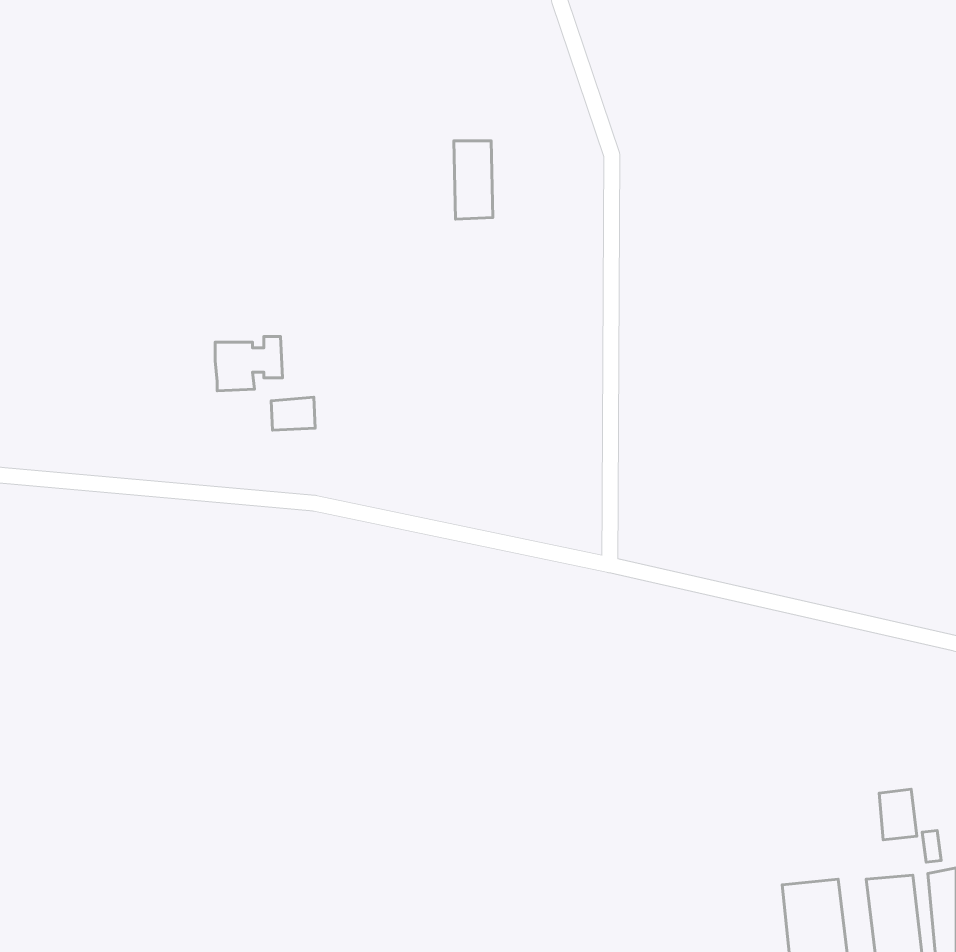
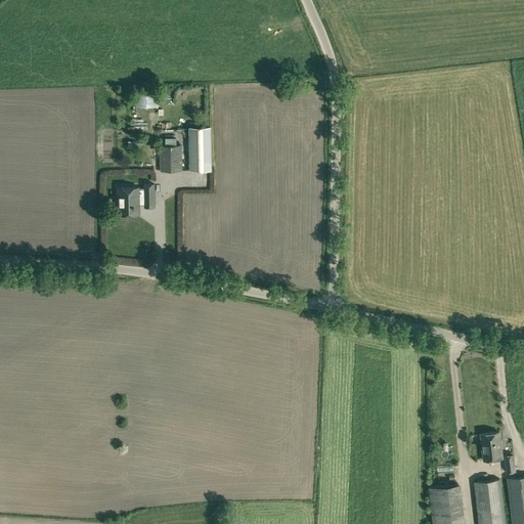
building: [454,141,493,219] -> [189,129,211,172]
building: none -> [161,147,181,172]
building: [271,397,315,430] -> none

